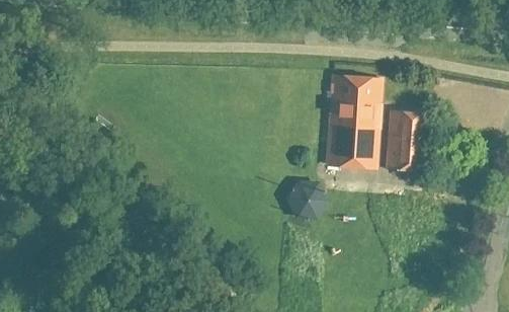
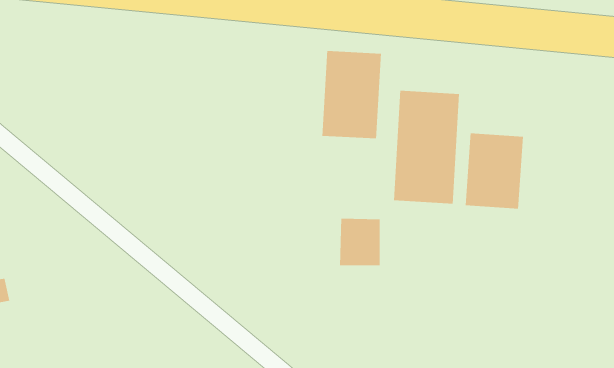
building: none -> [322,50,381,139]

